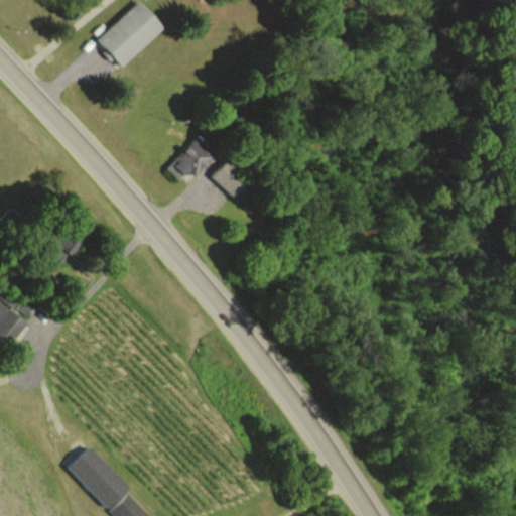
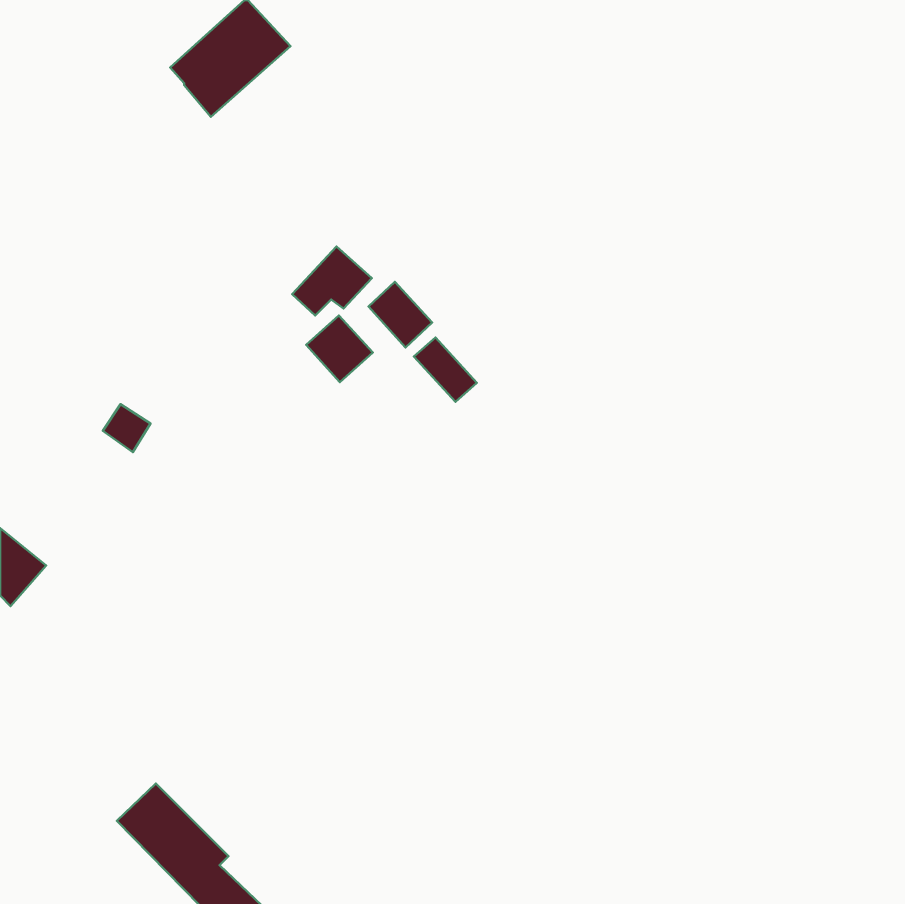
building: none -> [306,315,373,382]
building: none -> [414,337,477,402]

